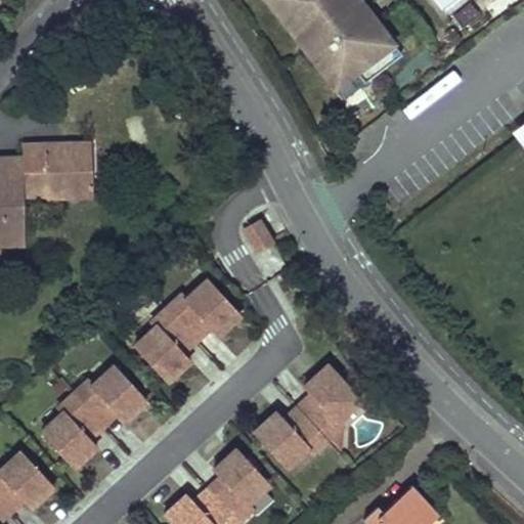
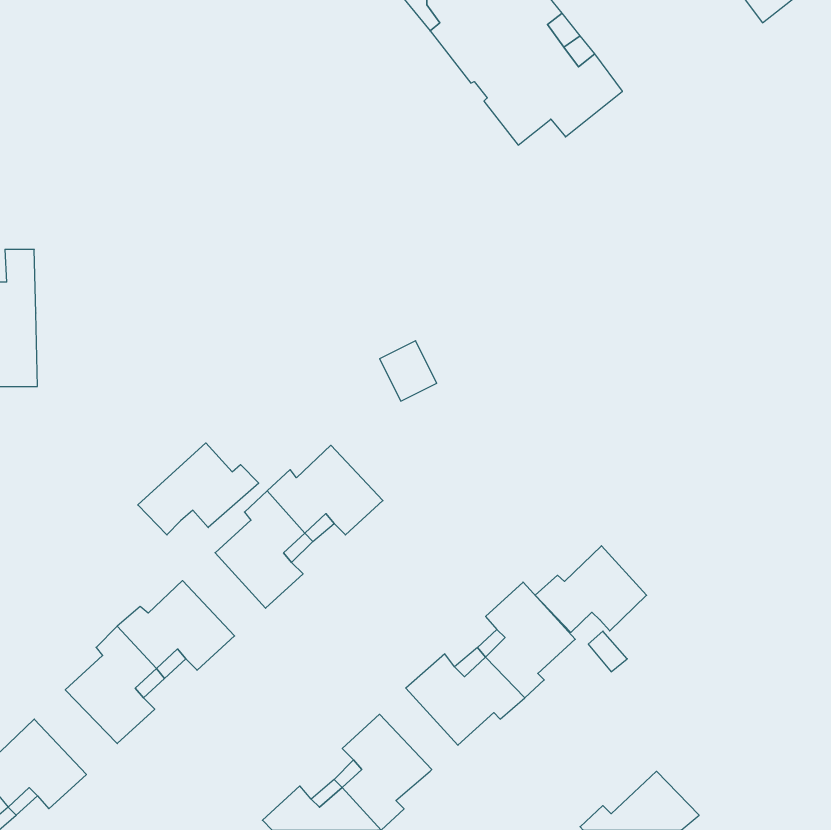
building: [20,141,92,196] -> none
building: none -> [138,443,259,535]
building: none -> [535,546,647,632]

